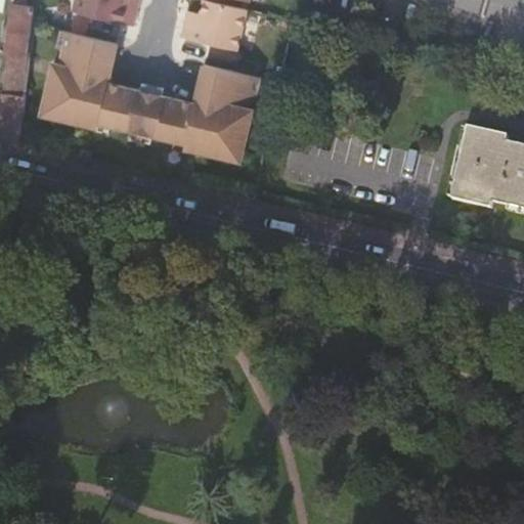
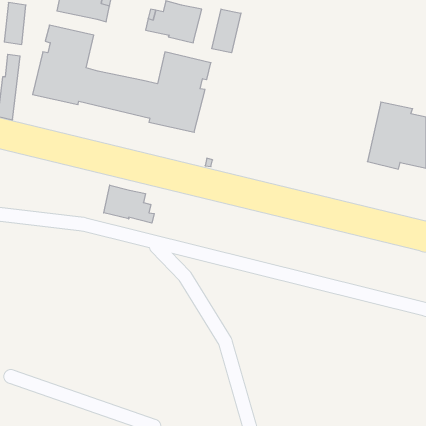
building: none -> [212,9,241,53]
building: none -> [104,185,154,223]

